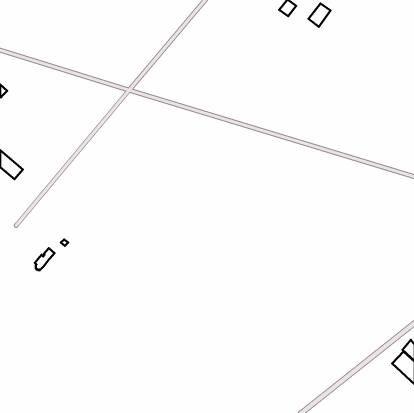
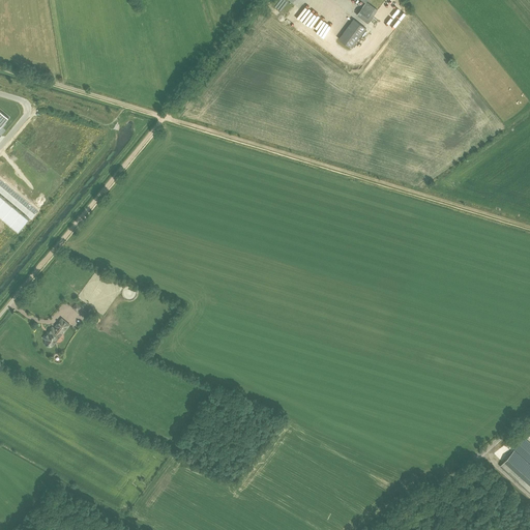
building: [308,3,330,27] -> [340,17,367,47]

